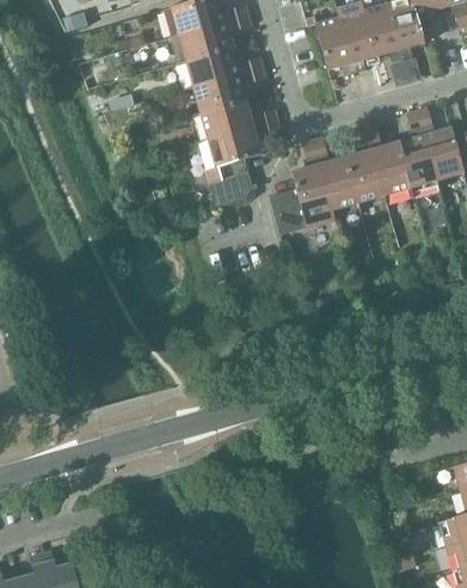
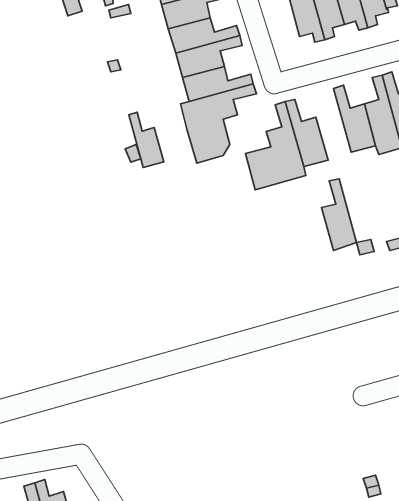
building: [345,125,383,203] -> [321,179,357,250]
building: none -> [129,112,164,168]

